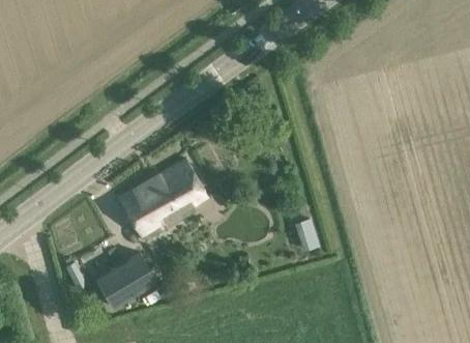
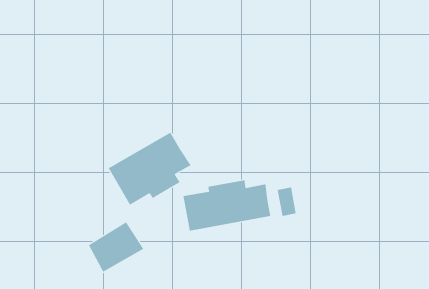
building: none -> [183,180,271,231]

